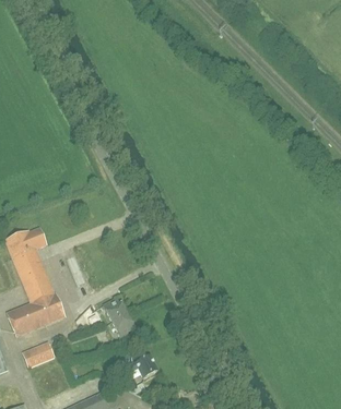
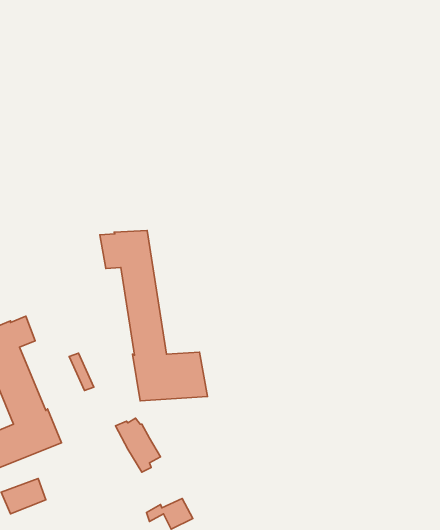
building: none -> [100,230,207,401]

